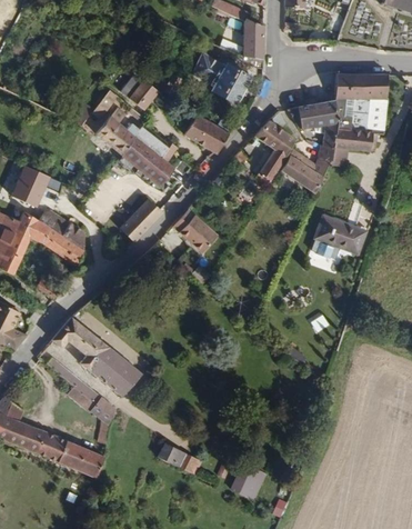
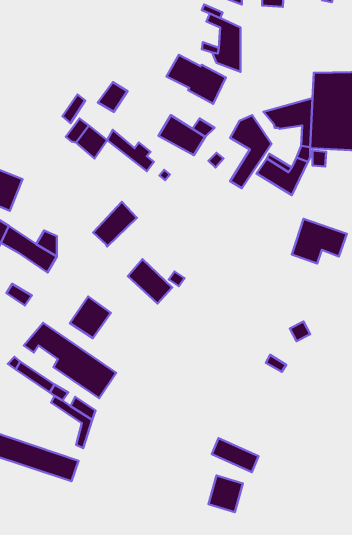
building: [121,139,172,188] -> none
building: [172,210,215,253] -> [128,259,172,304]
building: none -> [70,296,111,338]
building: [157,443,202,477] -> [212,438,259,472]

